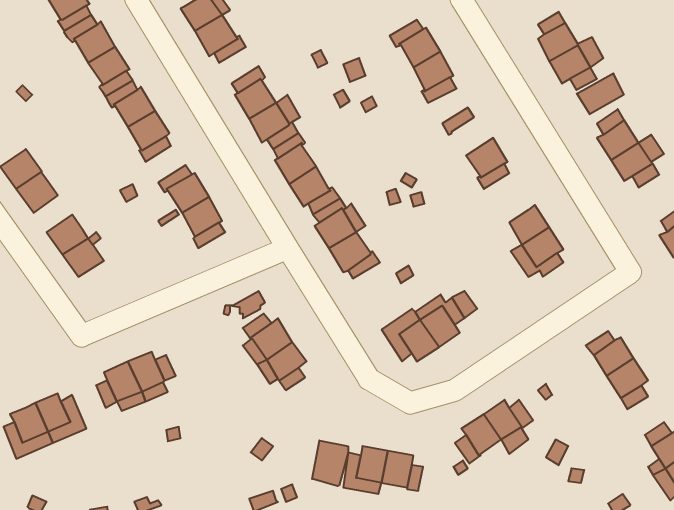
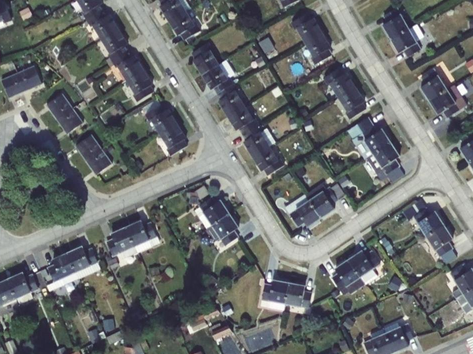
building: [577,73,624,114] -> none
building: none -> [329,73,355,98]
building: none -> [347,117,377,159]
building: [312,440,348,486] -> none

